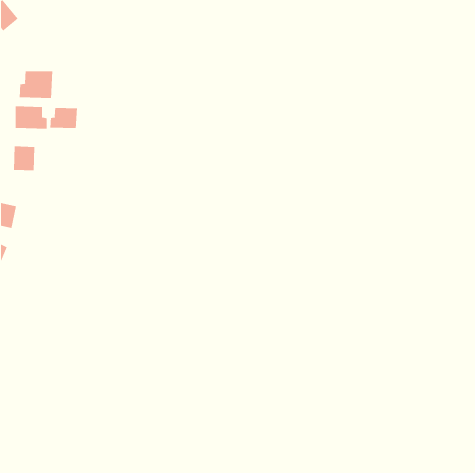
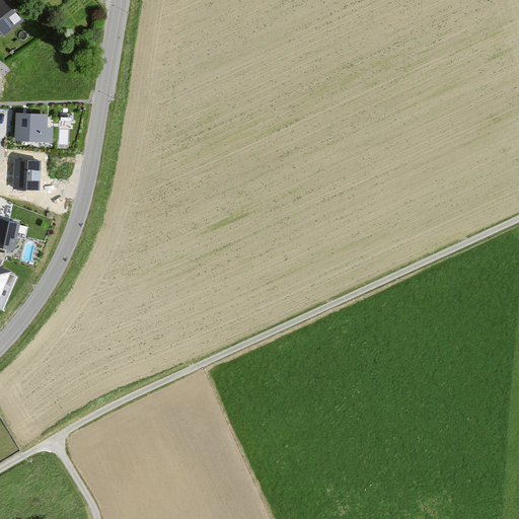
building: [19,70,53,99] -> none
building: [50,107,77,129] -> none

